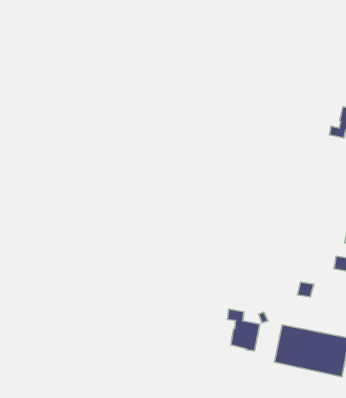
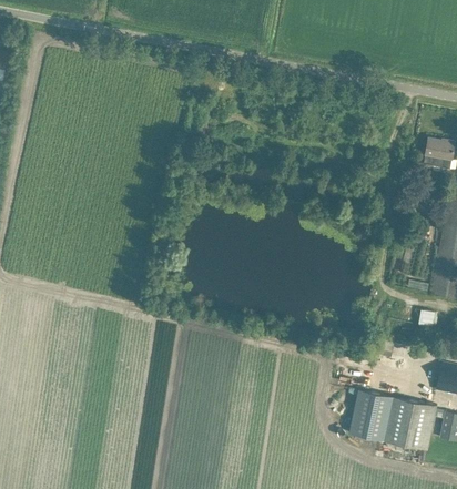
building: [227,309,260,351] -> none

